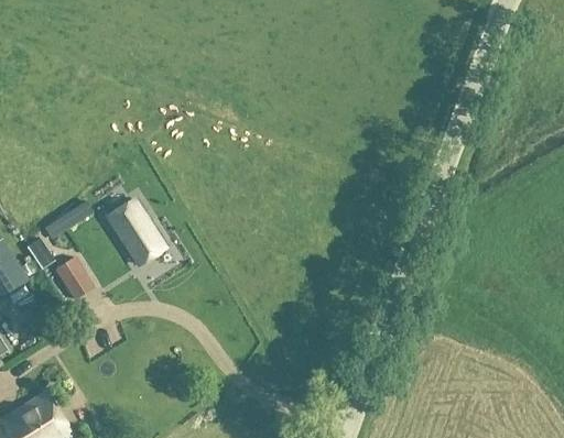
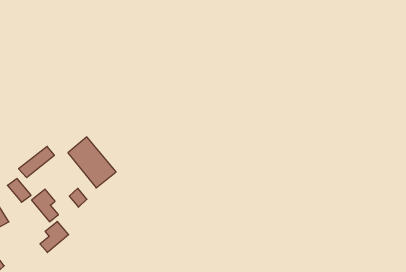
building: none -> [40,221,69,253]

